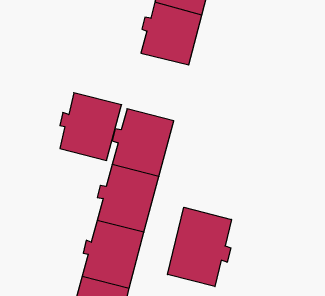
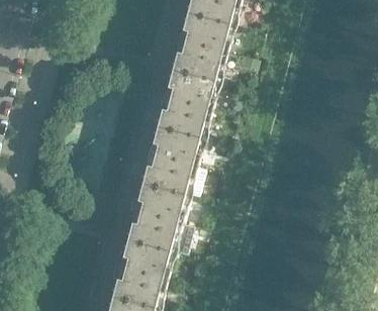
building: [60,93,122,160] -> [163,56,225,124]
building: [168,207,231,287] -> none

